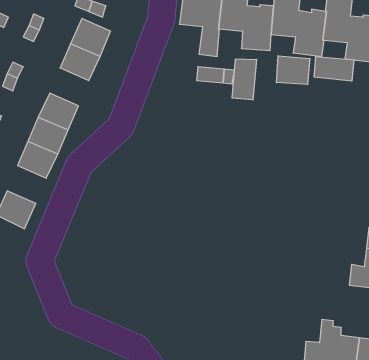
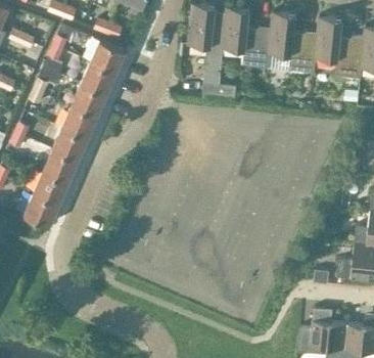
building: [277,56,310,85] -> none
building: [314,56,354,81] -> none
building: [232,59,257,100] -> none
building: none -> [72,82,106,116]
building: none -> [34,169,68,203]

